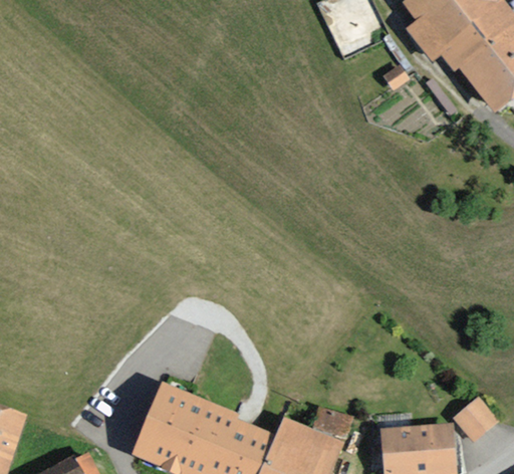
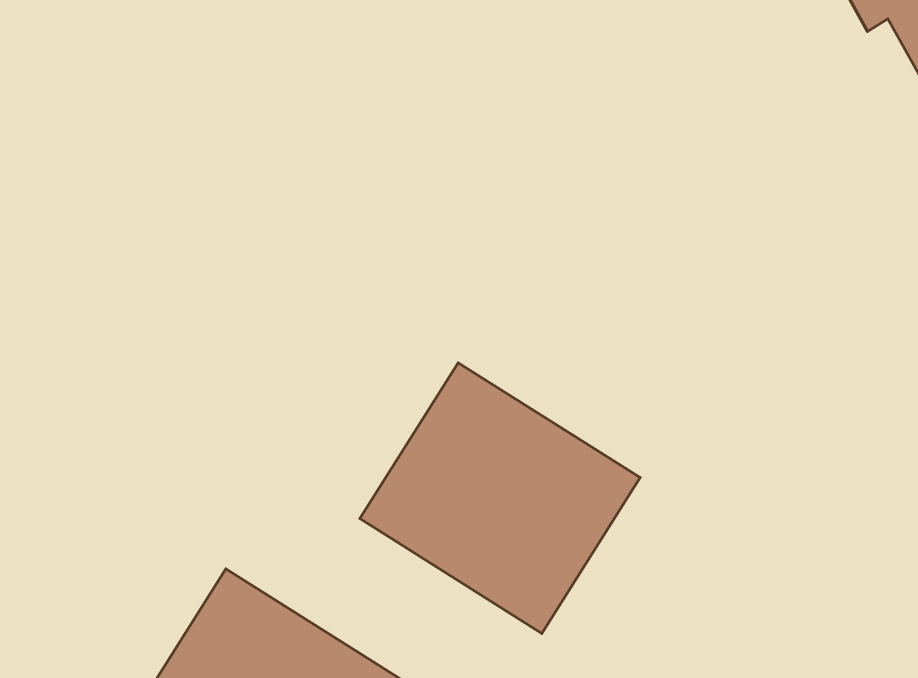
building: none -> [360,363,640,633]

